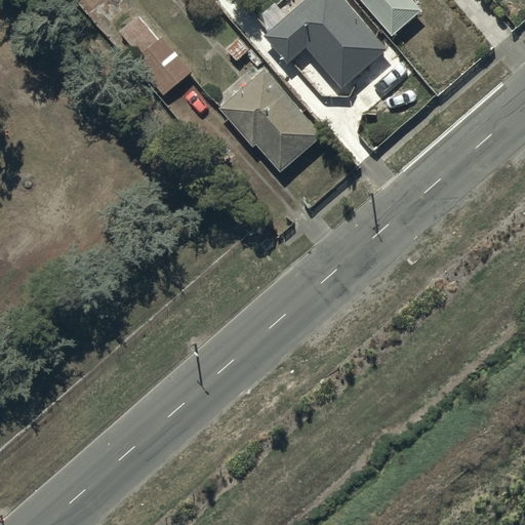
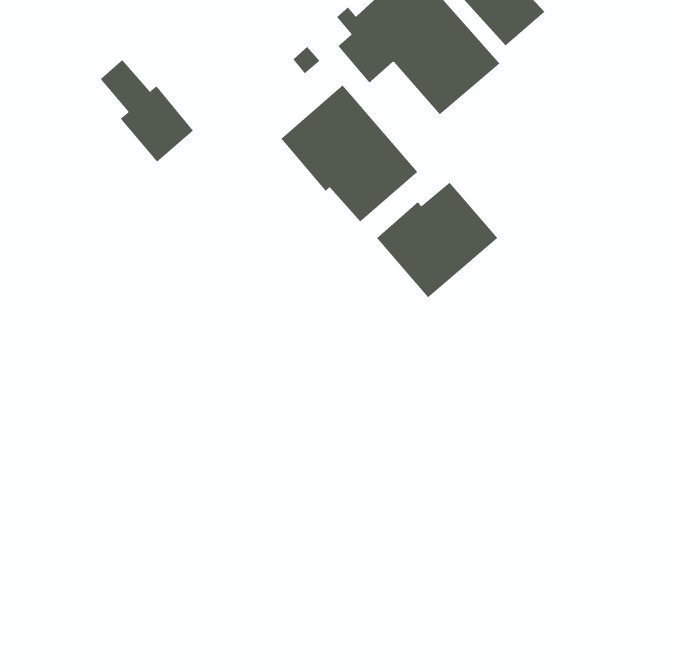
building: [119,14,192,94] -> [100,59,194,162]
building: none -> [376,182,498,298]

